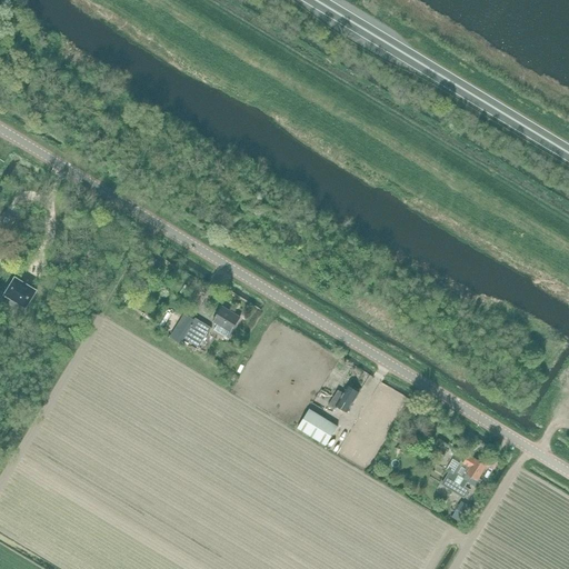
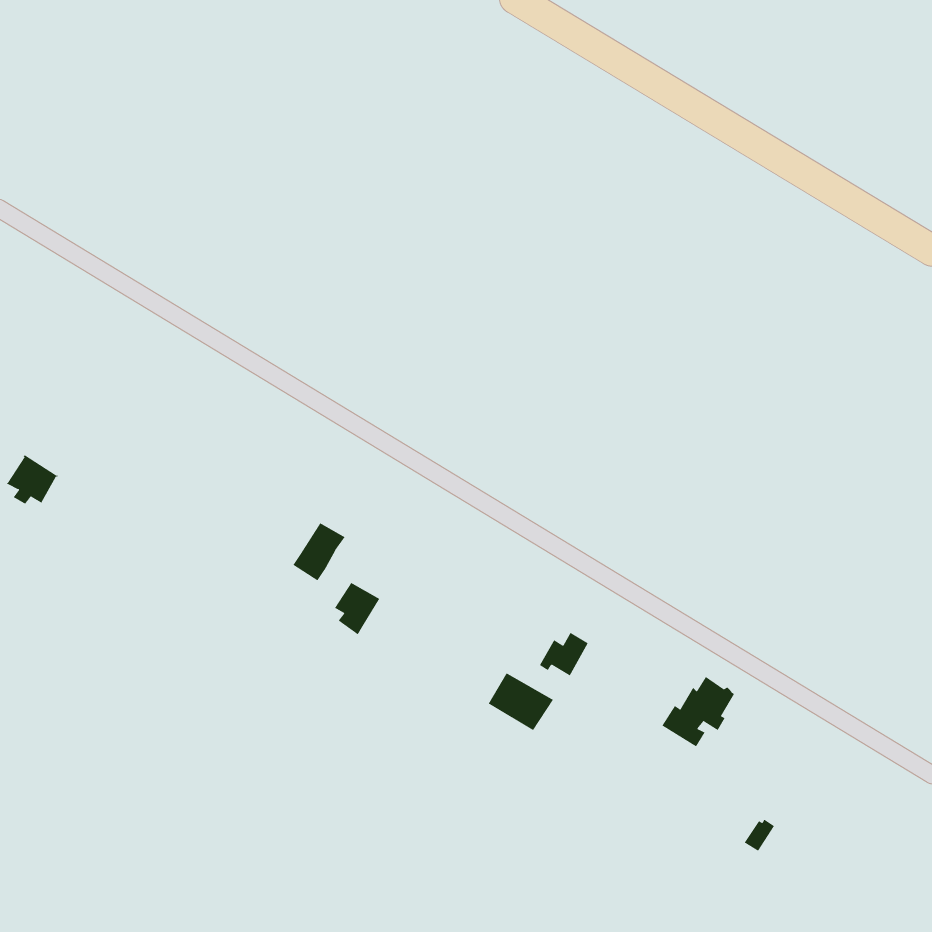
building: [211,306,239,338] -> [334,582,380,635]
building: [441,453,486,497] -> [662,676,735,747]

